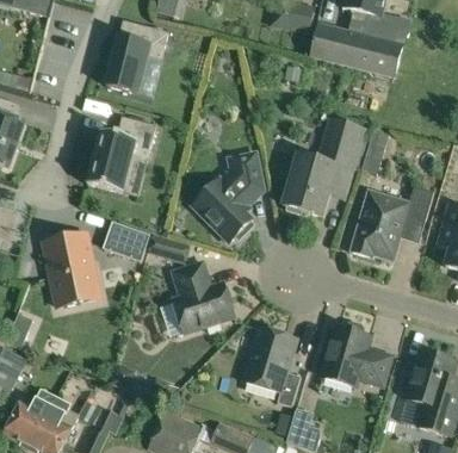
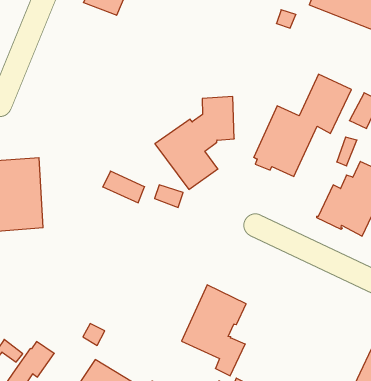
building: [87,114,156,192] -> none
building: [105,221,151,261] -> none
building: [173,261,234,331] -> none
building: [322,319,391,385] -> none

